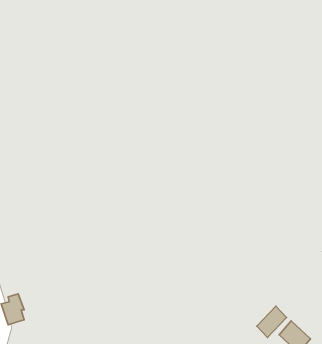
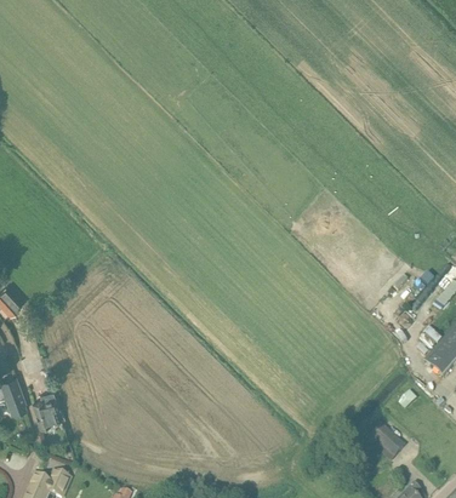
building: [257,306,286,337] -> none

